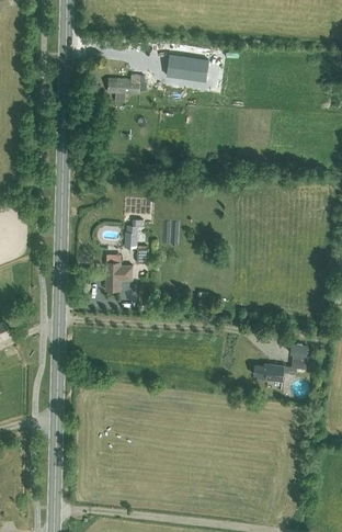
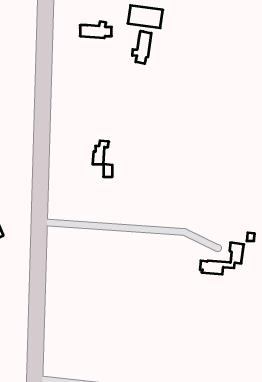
building: none -> [132,31,151,64]
building: [105,262,133,292] -> none

